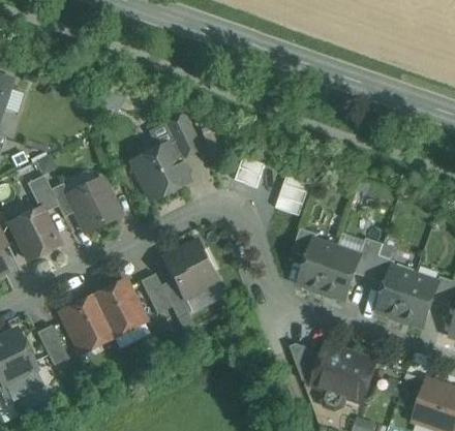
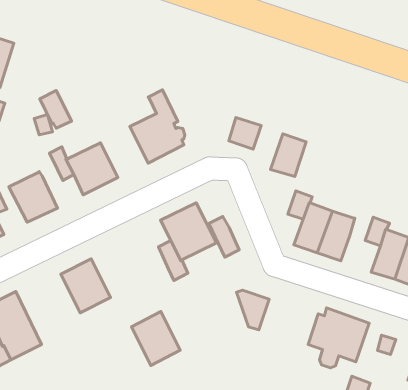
building: [164,115,200,157] -> none
building: [27,175,59,213] -> [40,91,72,128]
building: [356,237,384,278] -> none
building: [141,273,172,314] -> [209,216,239,257]
building: [93,281,143,336] -> [131,312,180,366]
building: [36,325,68,365] -> none
building: [291,343,324,383] -> [236,290,269,330]

